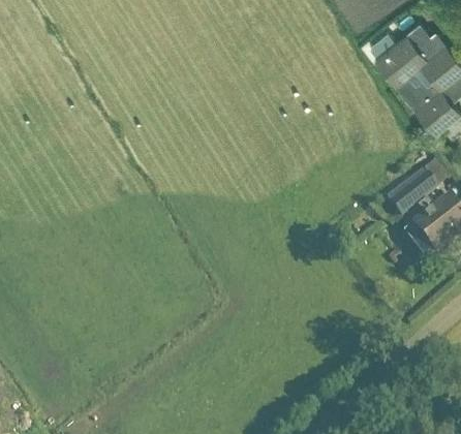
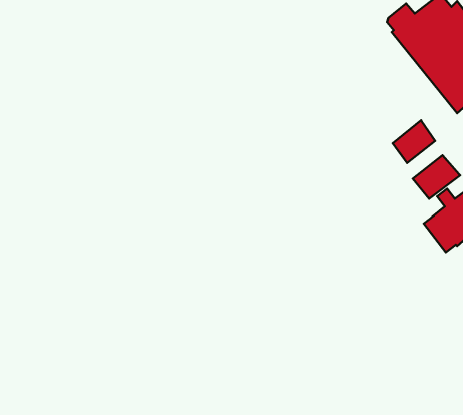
building: none -> [393,120,435,163]

